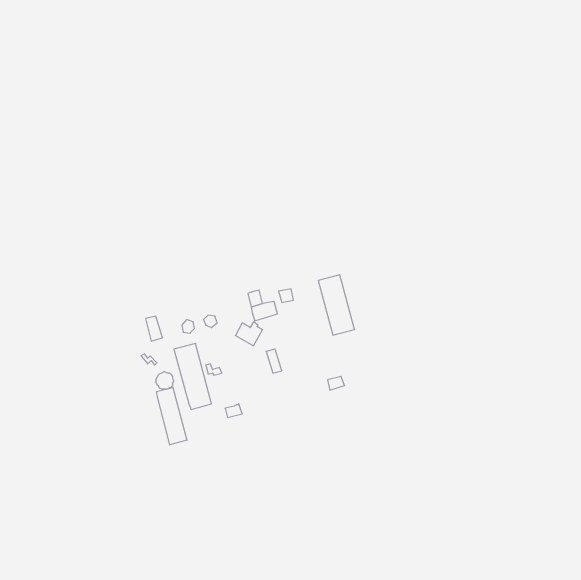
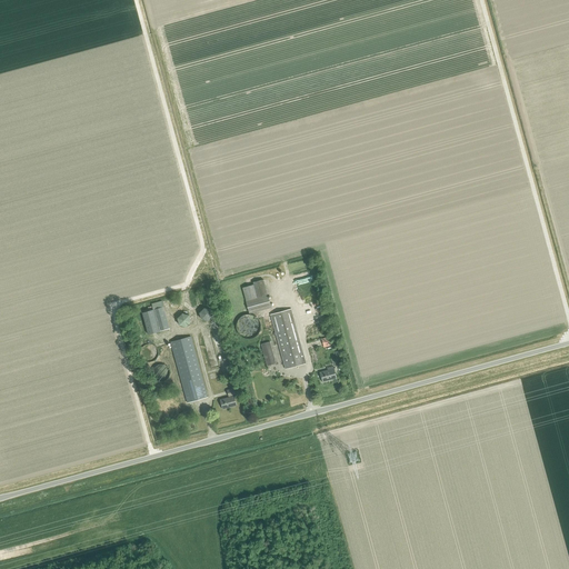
building: [318,275,355,335] -> [270,309,306,368]
building: [157,387,187,445] -> none

